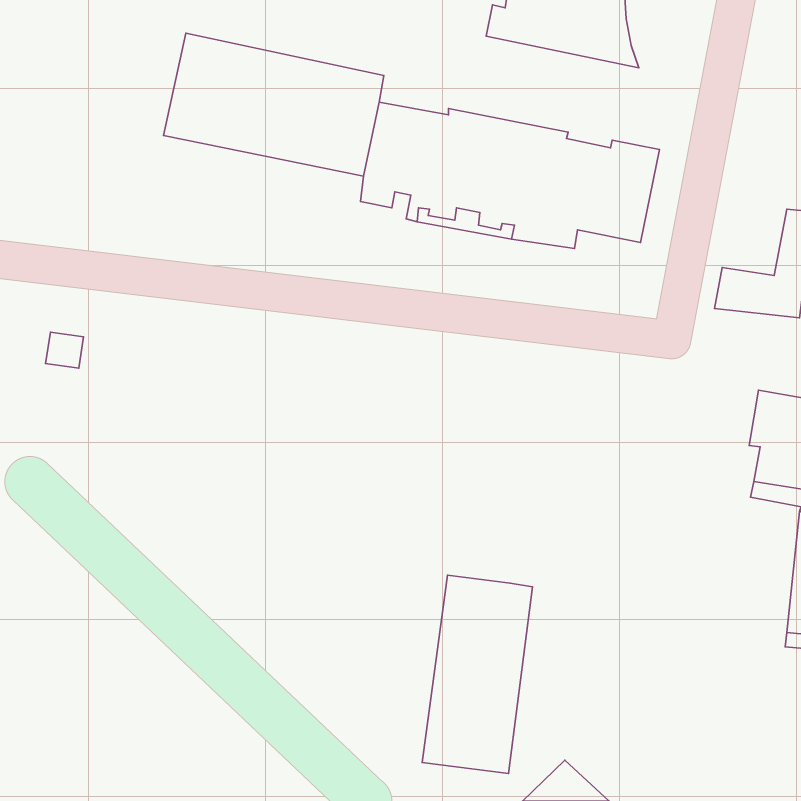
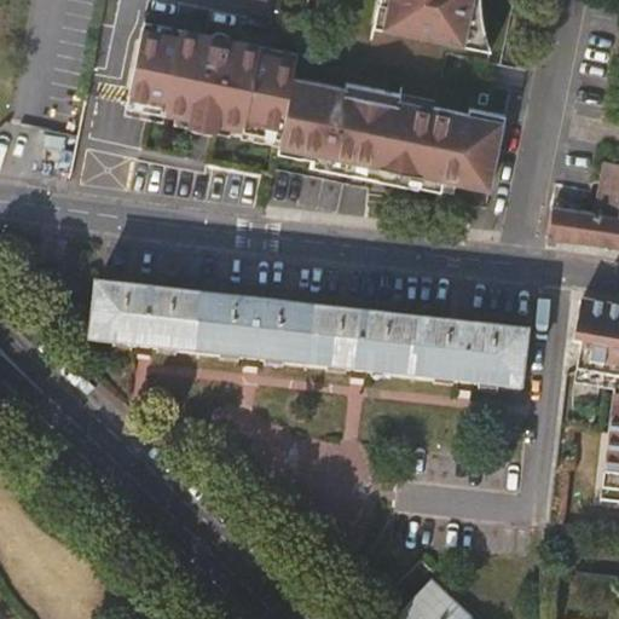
building: none -> [93,279,528,392]
building: [422,575,532,773] -> none

